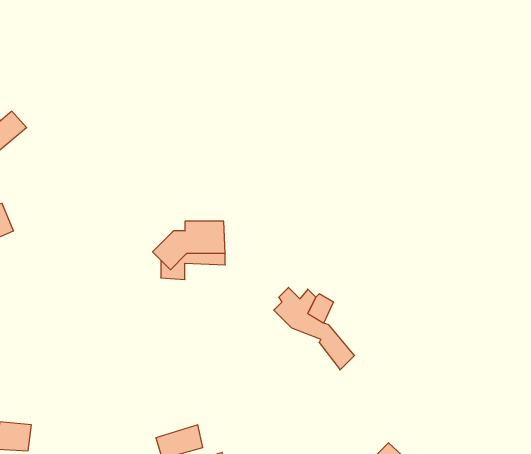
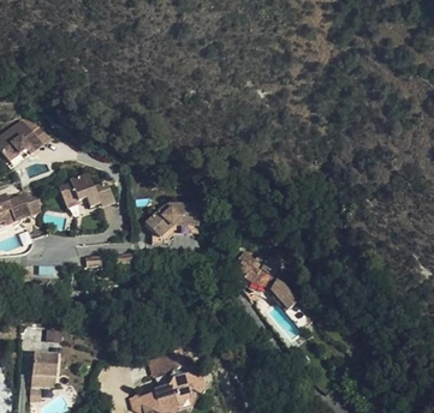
building: none -> [63,172,115,210]

